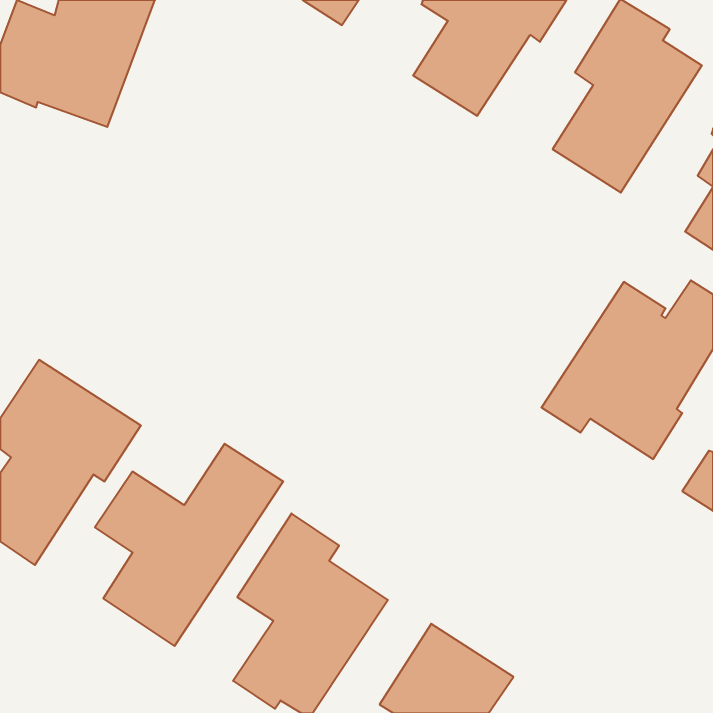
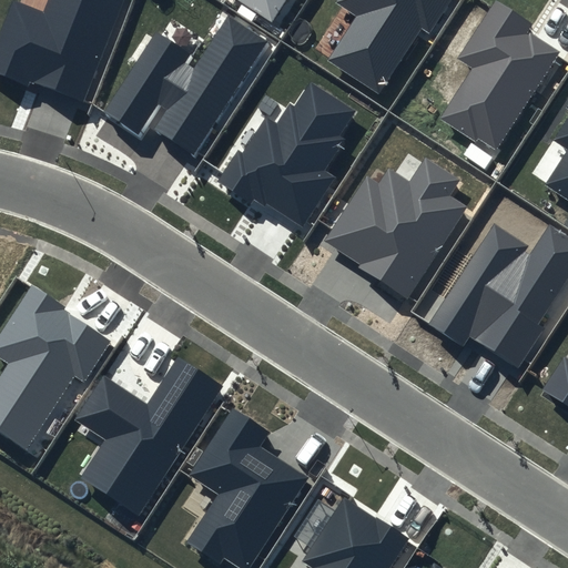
building: none -> [103,17,266,154]
building: none -> [217,82,356,229]
building: none -> [323,158,467,297]

